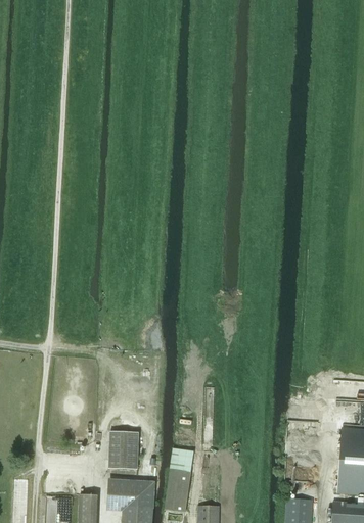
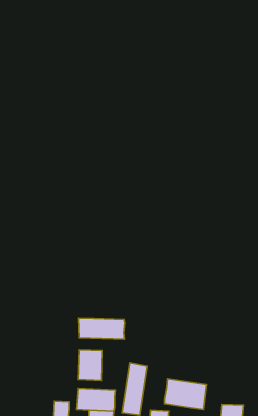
building: none -> [79,318,125,339]
building: none -> [165,379,206,410]

